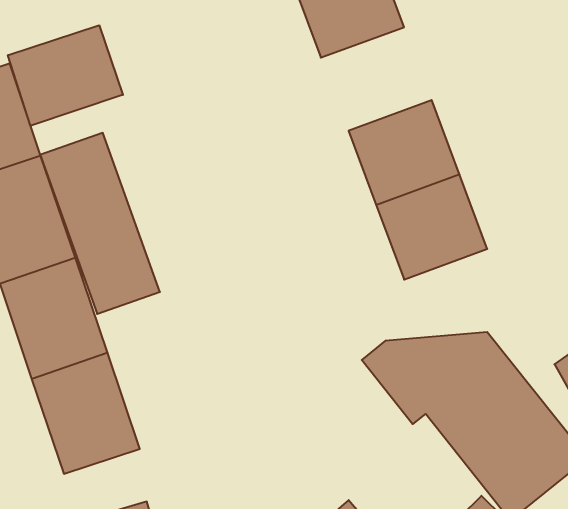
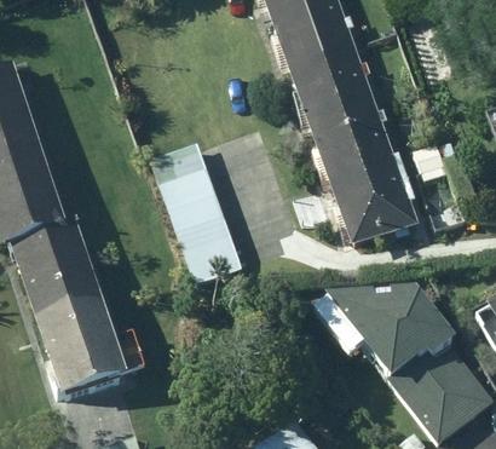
building: [8,25,123,126] -> none
building: none -> [281,31,373,117]
building: [40,133,160,314] -> [148,134,247,284]

